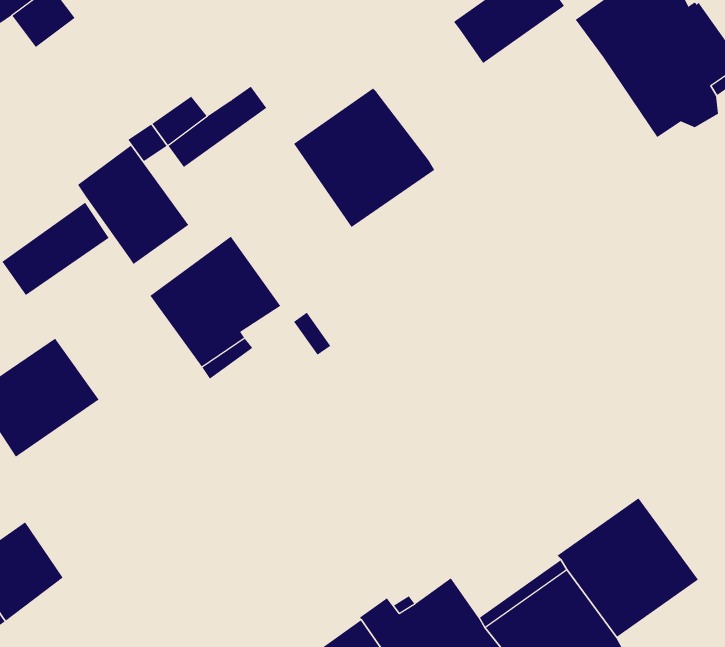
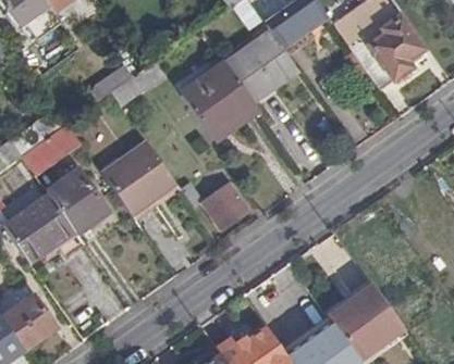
building: none -> [226,28,299,99]
building: [77,145,189,265] -> [47,167,108,233]
building: none -> [204,183,247,227]

